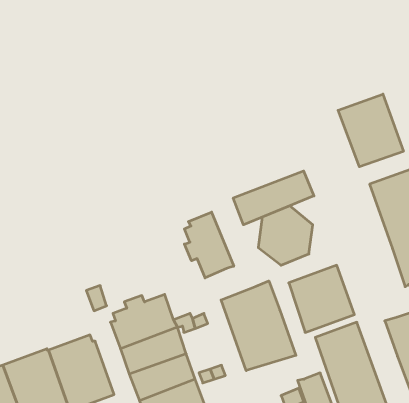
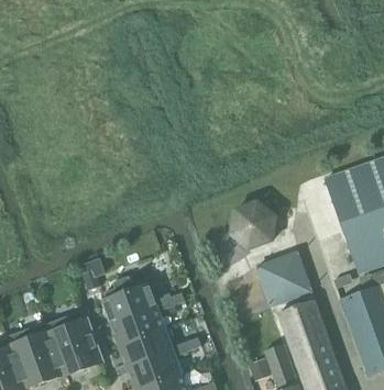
building: [338,94,403,167] -> none
building: [233,171,314,225] -> none
building: [184,212,234,278] -> none
building: [221,281,296,371] -> none

